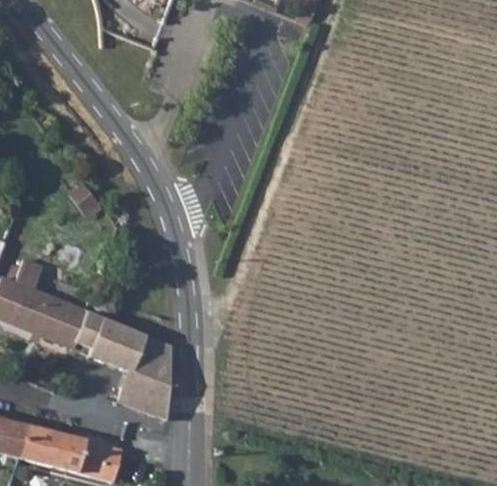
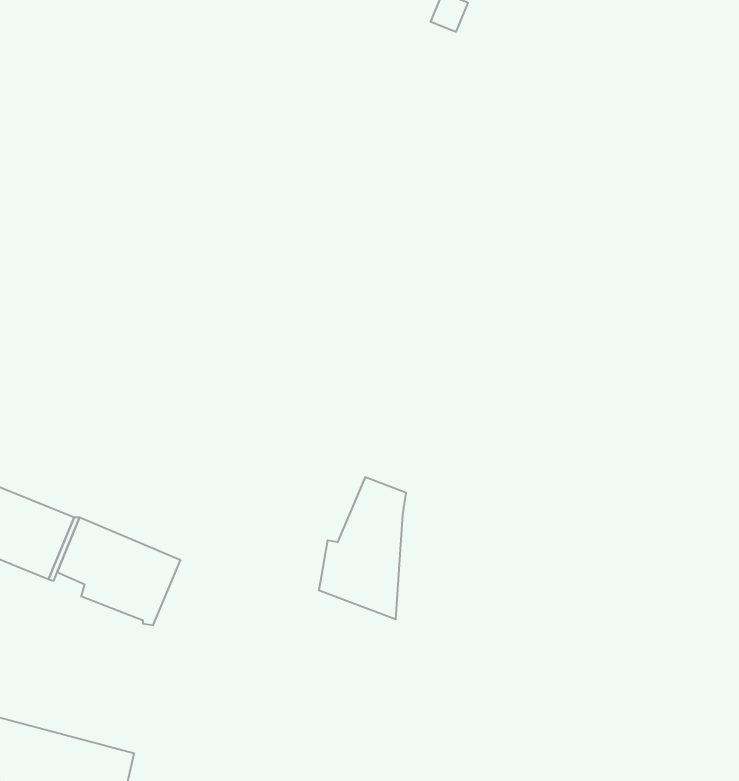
building: [121,335,173,419] -> [319,477,406,619]

